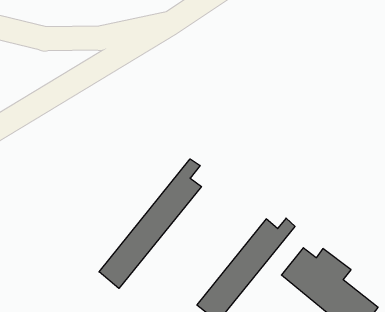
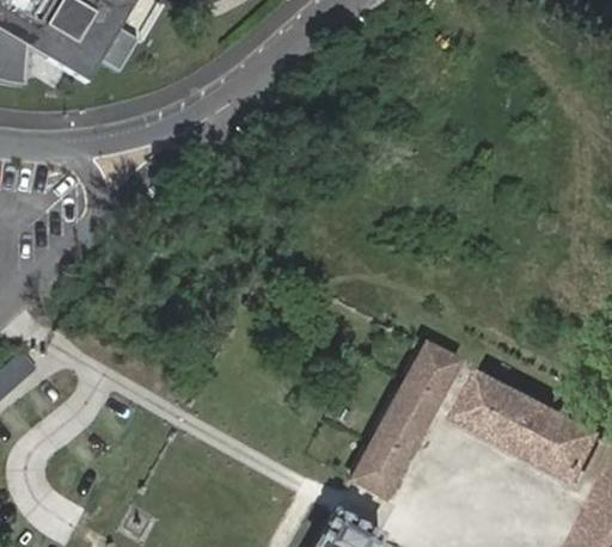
building: [99,159,201,288] -> none

